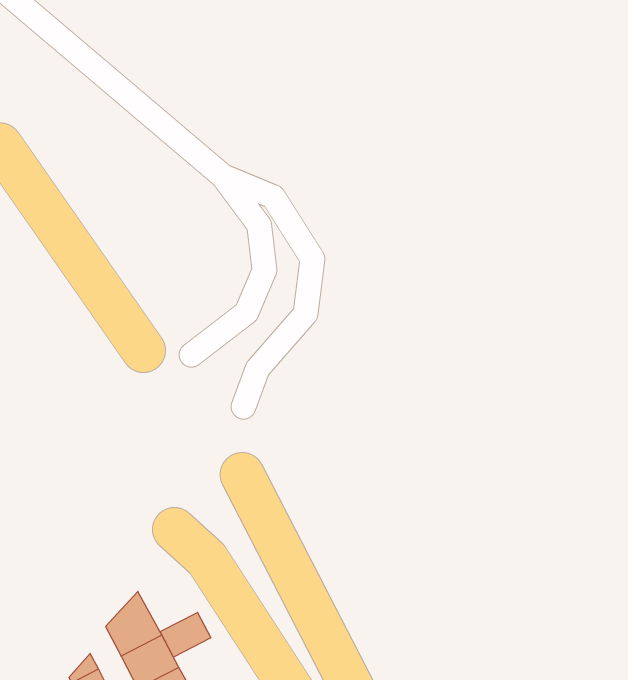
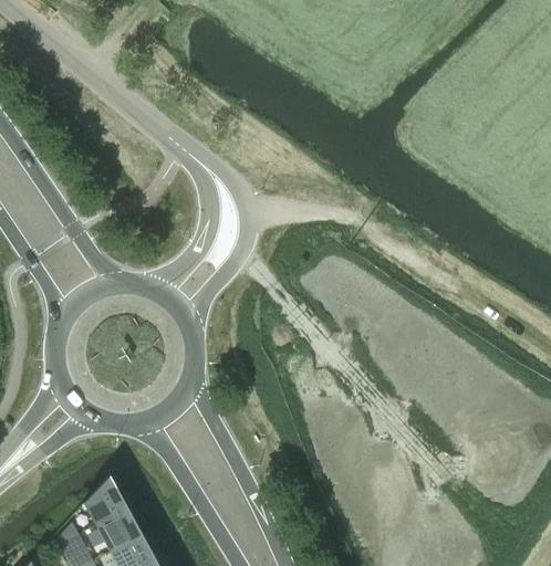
building: [160,612,211,657] -> none

